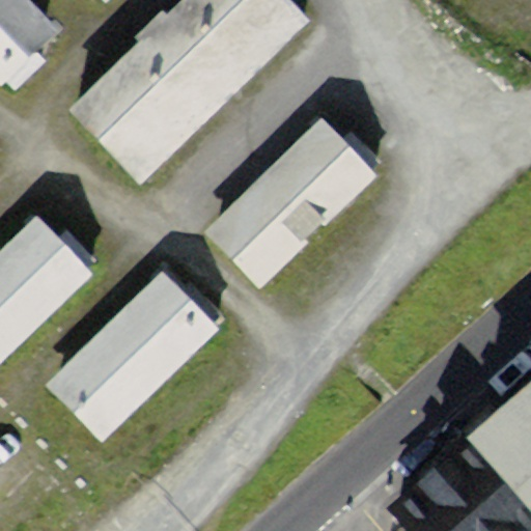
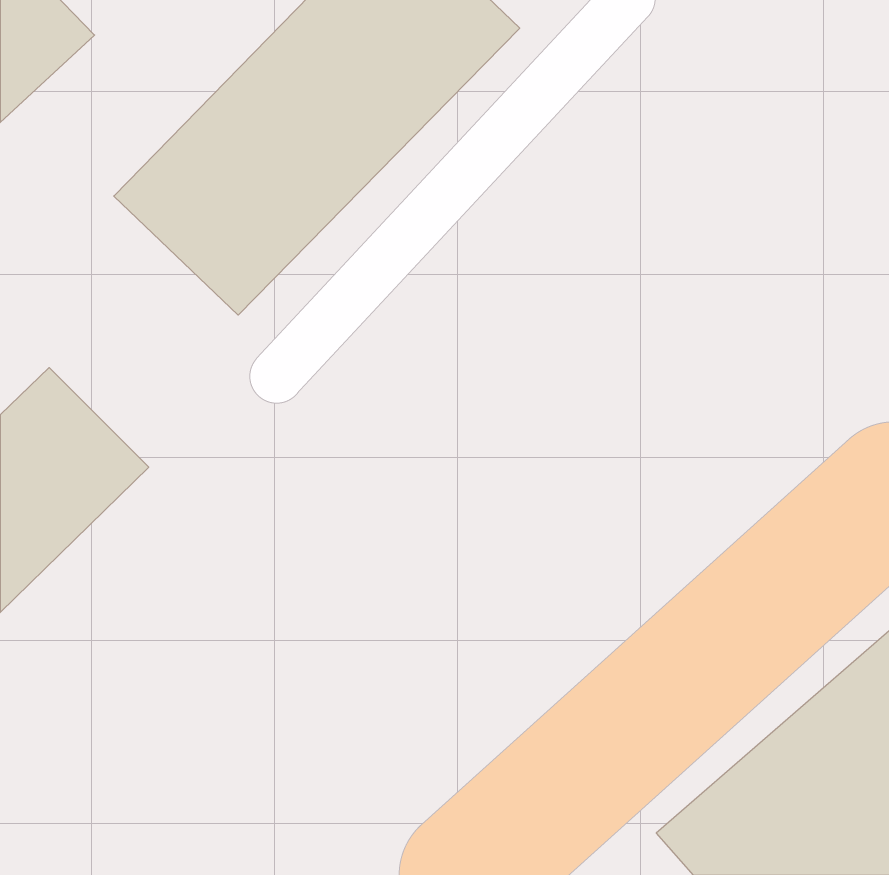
building: [204,117,374,289] -> none
building: [45,263,220,440] -> none

